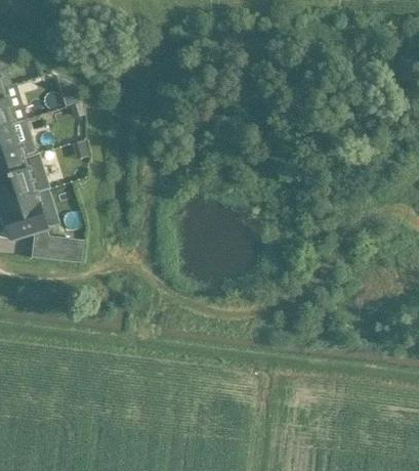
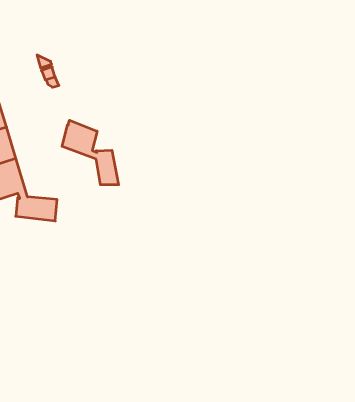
building: none -> [62,120,119,185]

